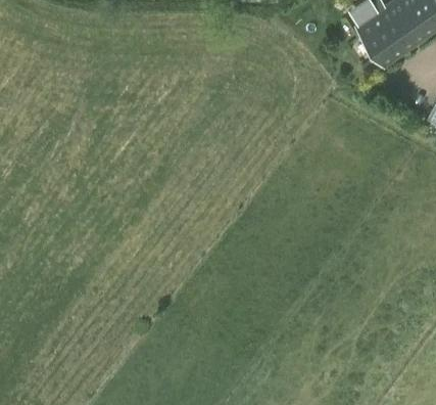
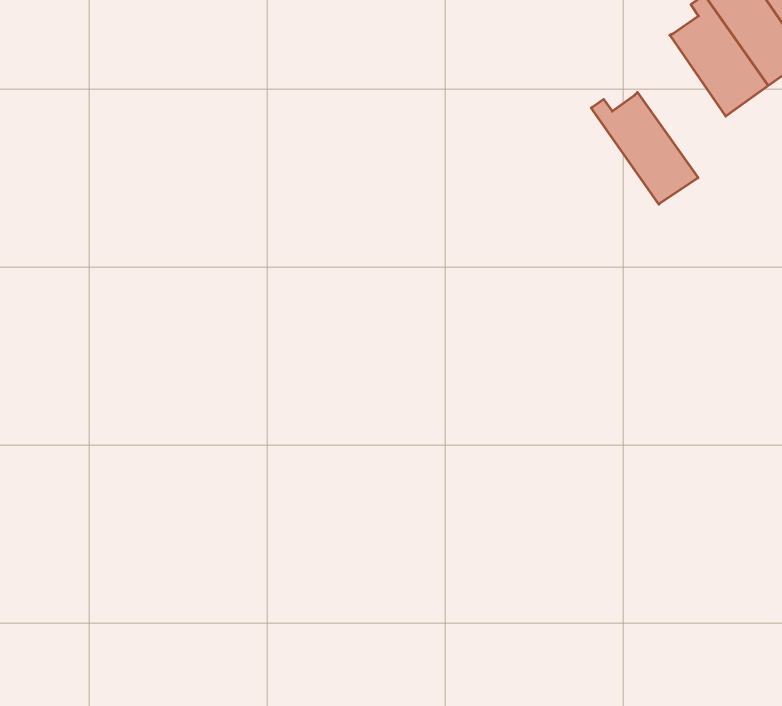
building: none -> [591,92,698,204]

